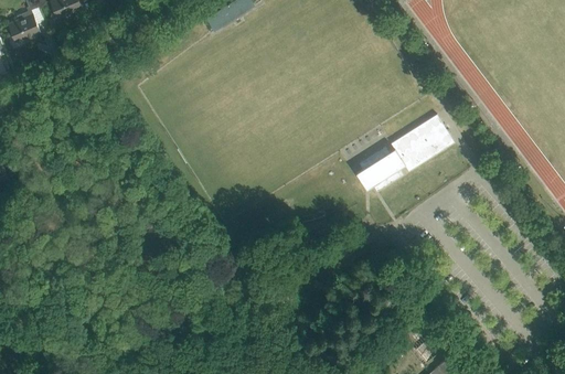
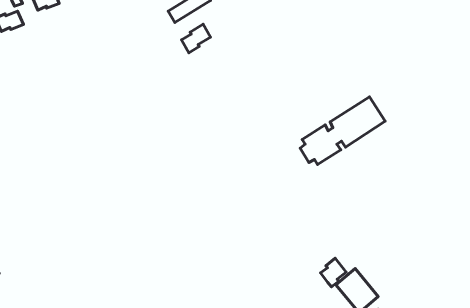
building: none -> [181,24,211,53]
building: none -> [320,258,346,287]

